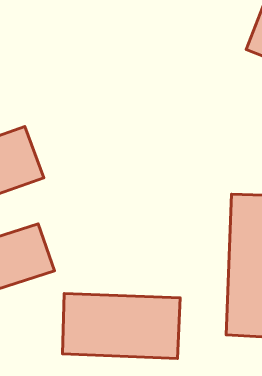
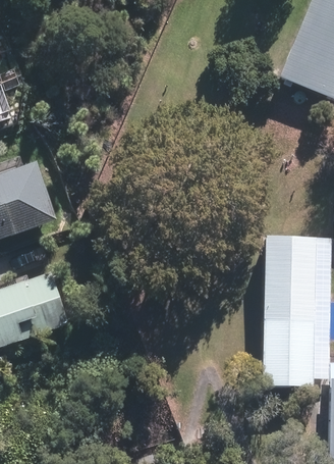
building: [63,293,180,358] -> none

